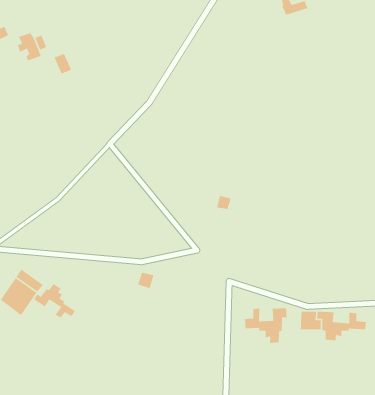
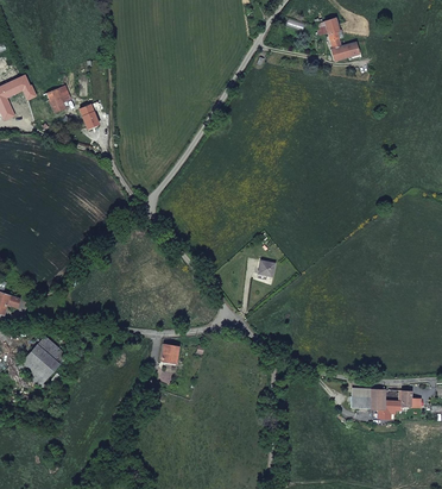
building: [33,283,76,318] -> none
building: [244,307,287,344] -> none

